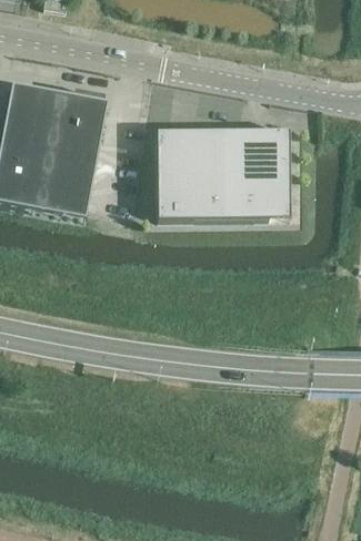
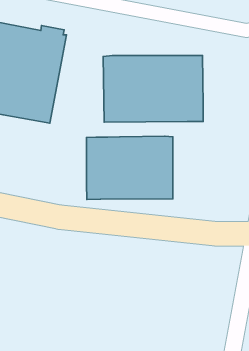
building: none -> [87,136,173,199]

